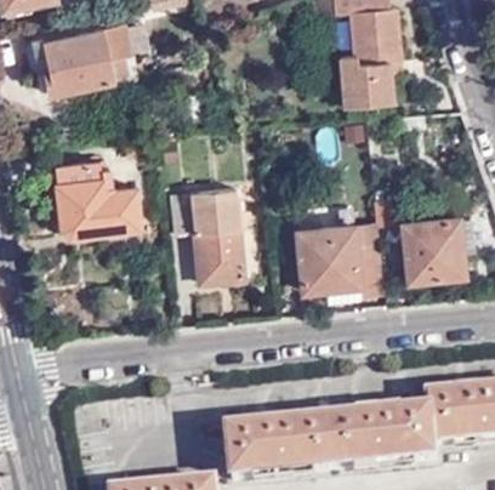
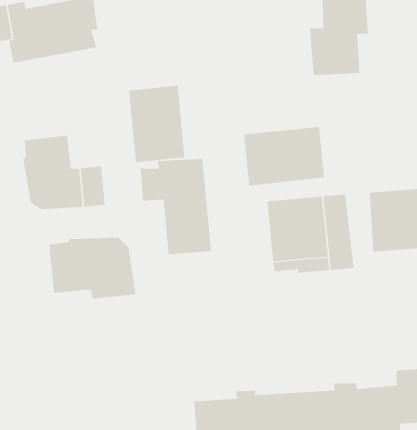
building: none -> [129,85,185,163]
building: none -> [243,126,325,187]
building: none -> [49,237,136,300]

